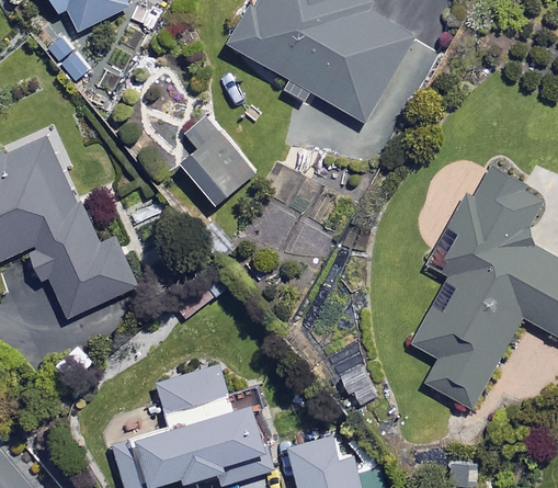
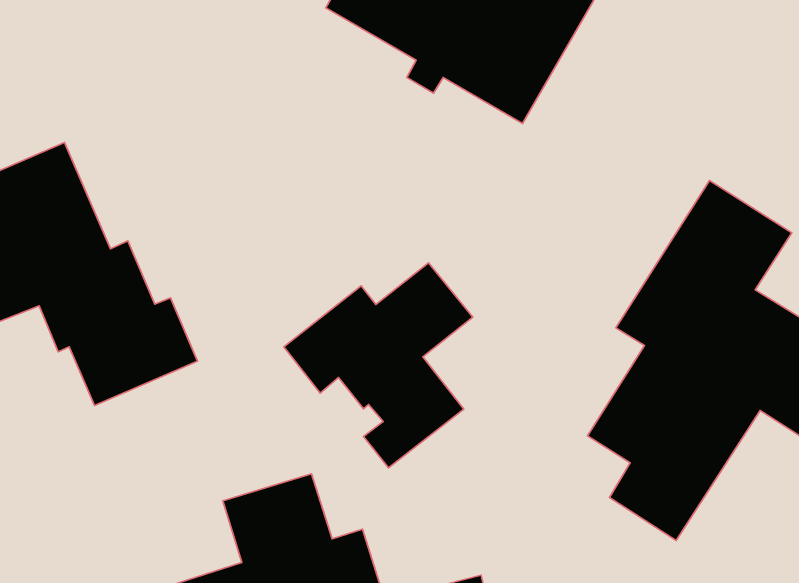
building: [180,118,250,205] -> none
building: none -> [284,263,473,468]

